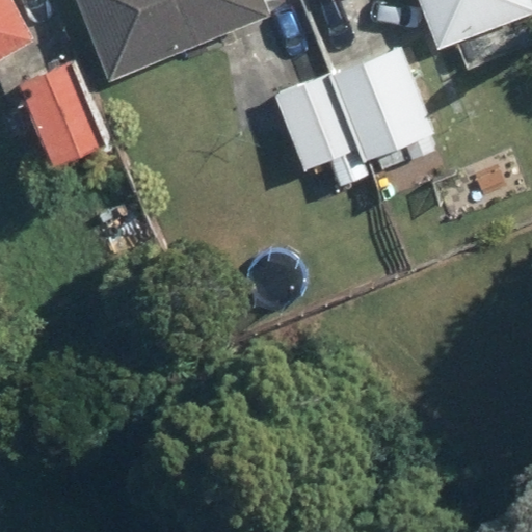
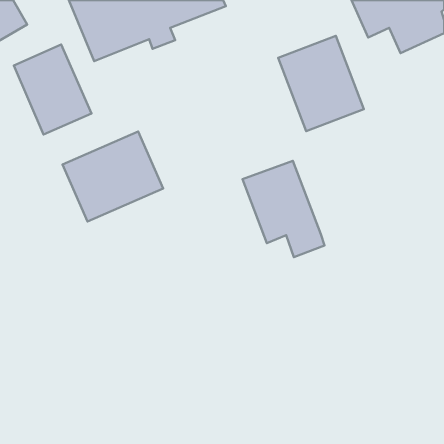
building: [271,72,369,186] -> [242,161,324,257]
building: none -> [63,132,163,222]

